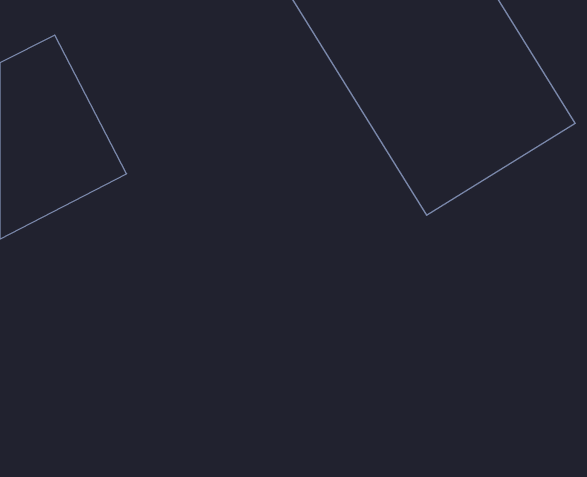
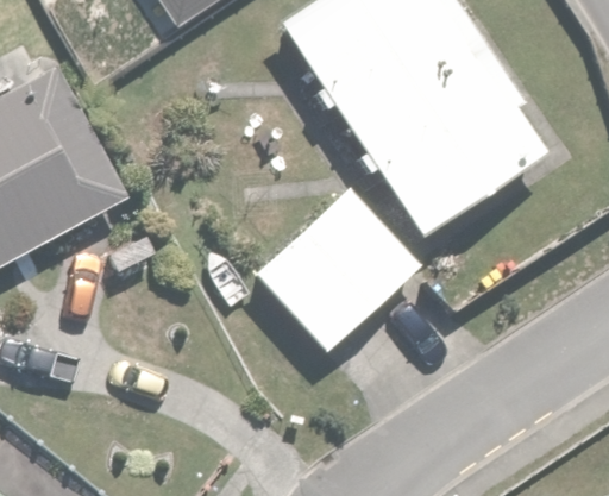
building: none -> [252,180,434,360]

